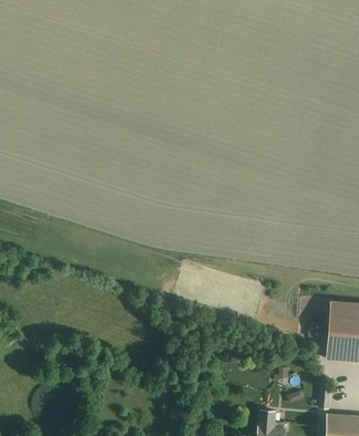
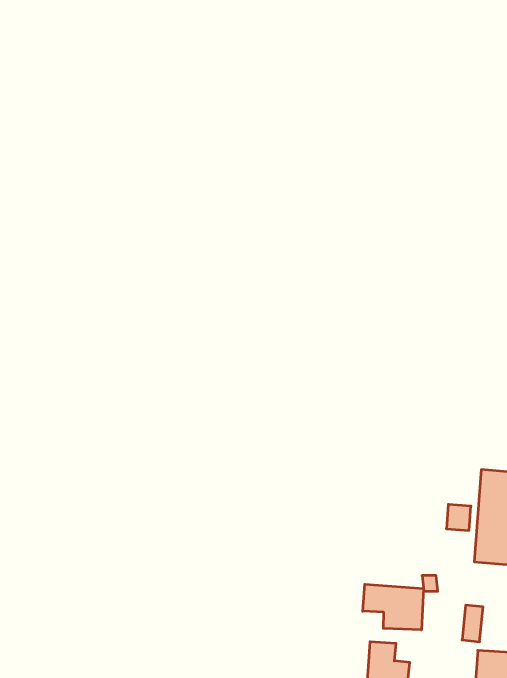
building: none -> [363,584,424,630]

